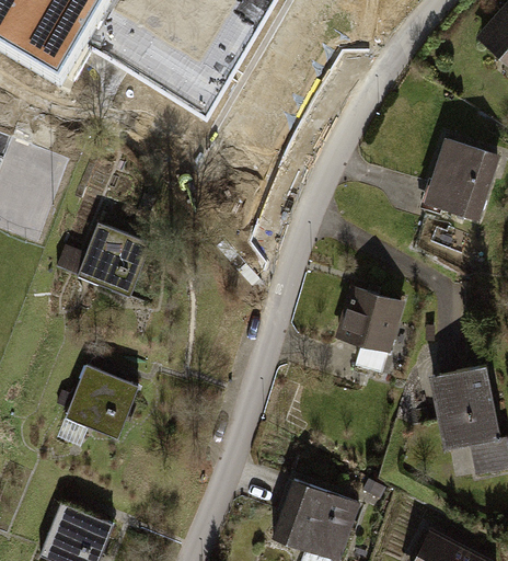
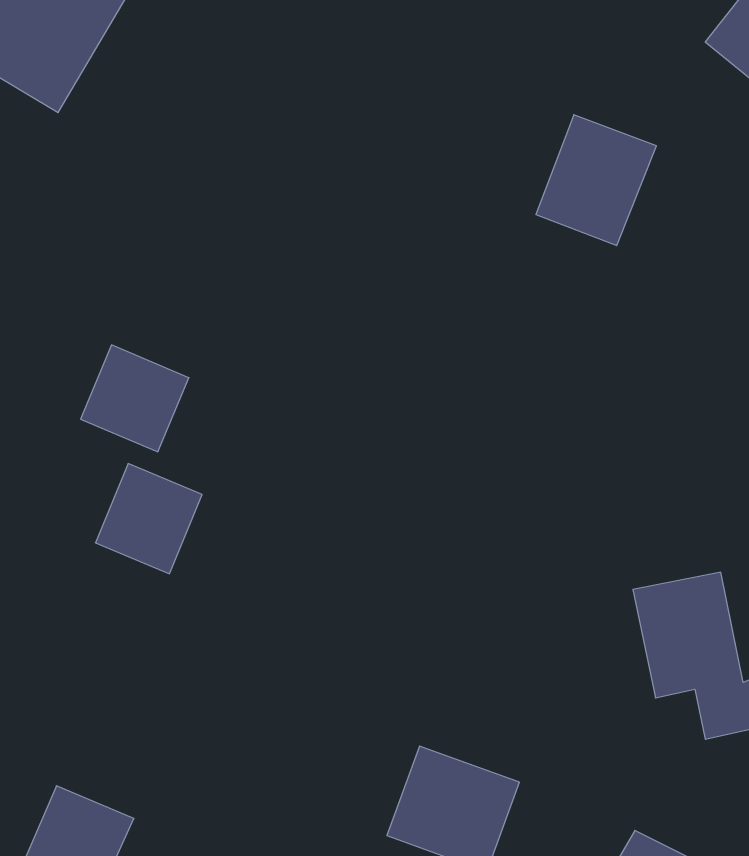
building: [420,134,497,217] -> [536,115,656,246]
building: [339,284,408,350] -> none
building: [69,365,137,435] -> [95,464,202,574]

